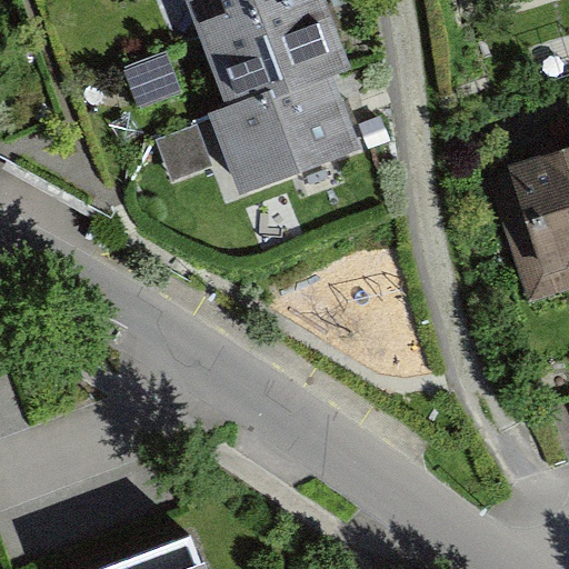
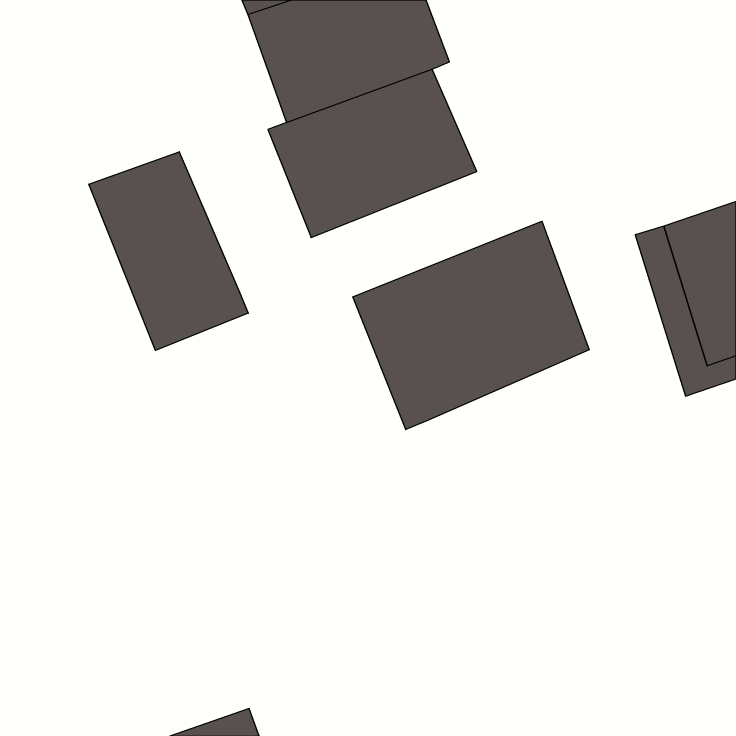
building: none -> [89,152,248,350]
building: none -> [353,221,589,430]

